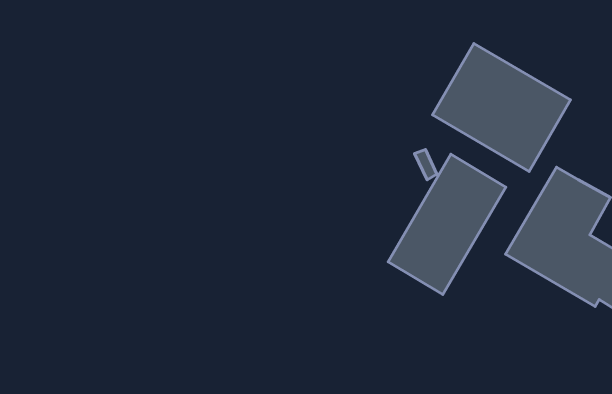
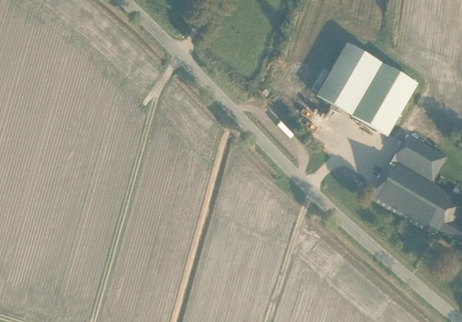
building: [388,154,506,295] -> none

